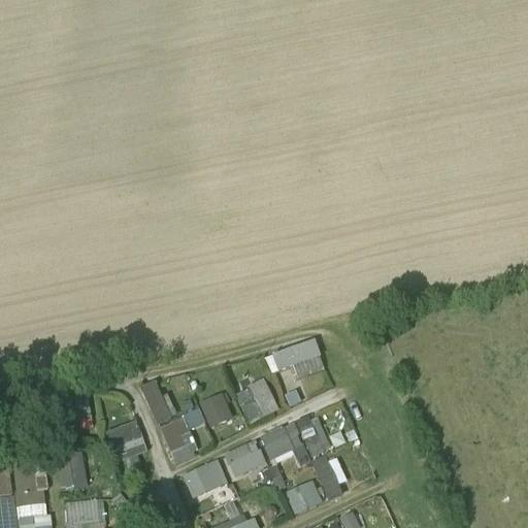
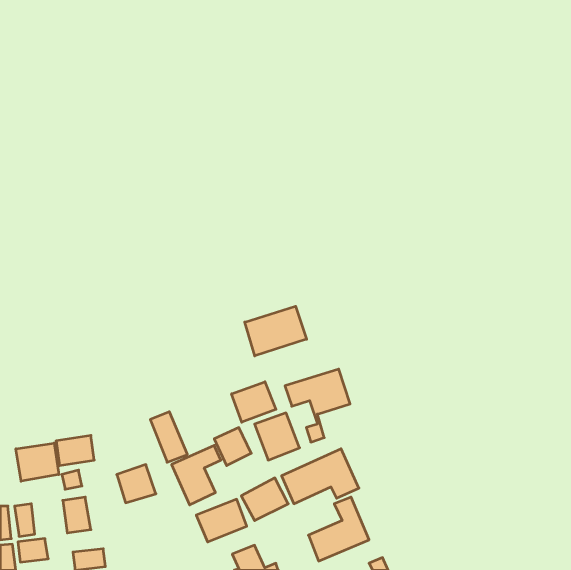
building: none -> [245,306,307,356]
building: none -> [232,382,276,422]
building: none -> [16,443,59,481]

